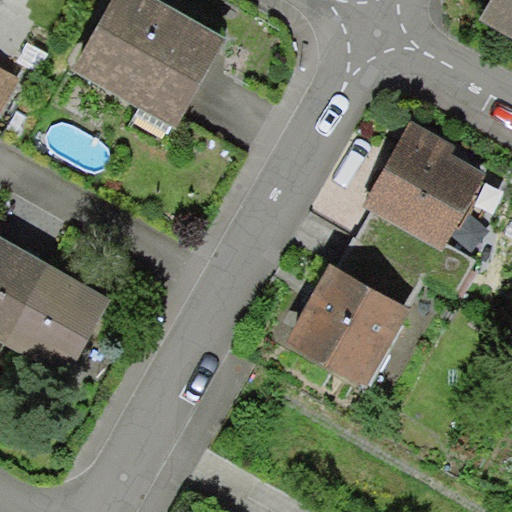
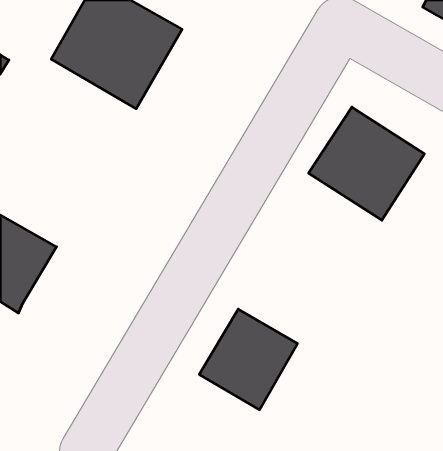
building: [296,268,407,382] -> [199,309,297,410]
building: [36,280,122,372] -> none

